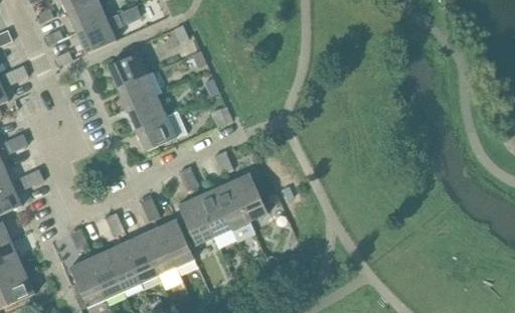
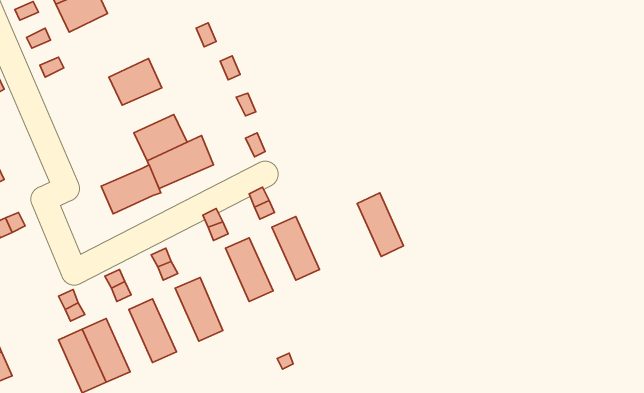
building: [76,14,122,54] -> none
building: [117,71,162,109] -> [101,165,161,214]
building: [213,180,248,228] -> [357,193,404,256]
building: [177,196,213,245] -> none
building: [140,226,175,275] -> none
building: [105,243,140,290] -> none

